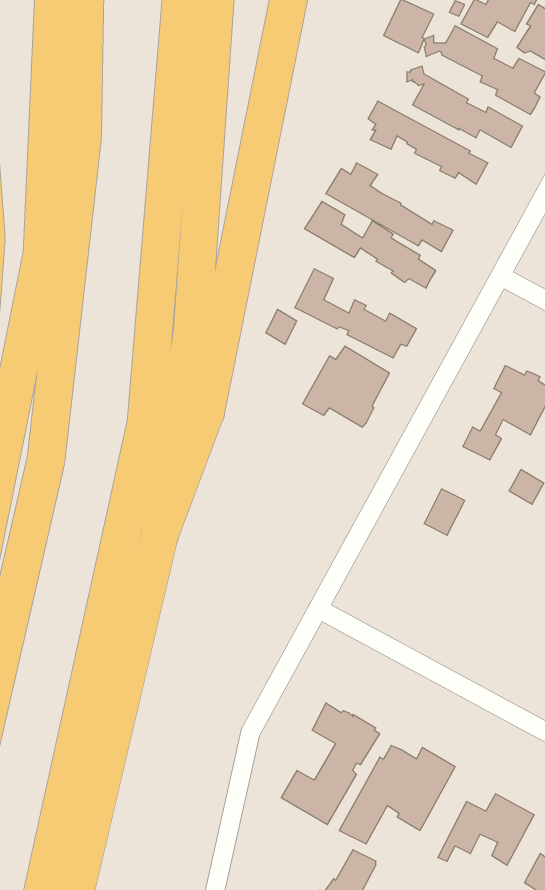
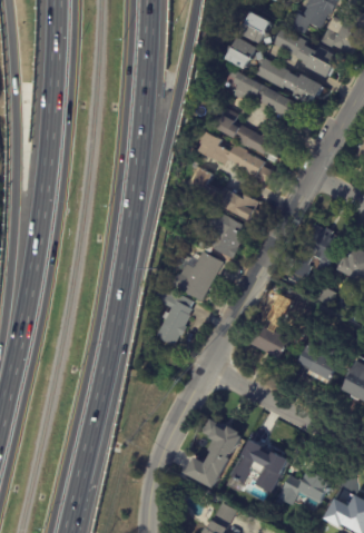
building: none -> [225,37,256,69]
building: none -> [170,249,223,302]
building: none -> [153,285,191,346]
building: none -> [249,323,289,357]
building: none -> [294,345,331,382]

